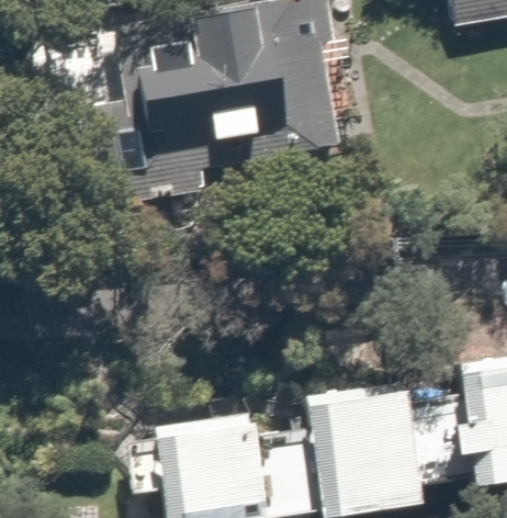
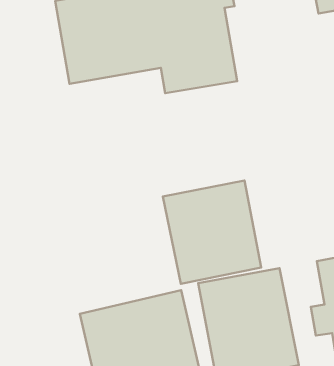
building: none -> [163,180,261,284]

